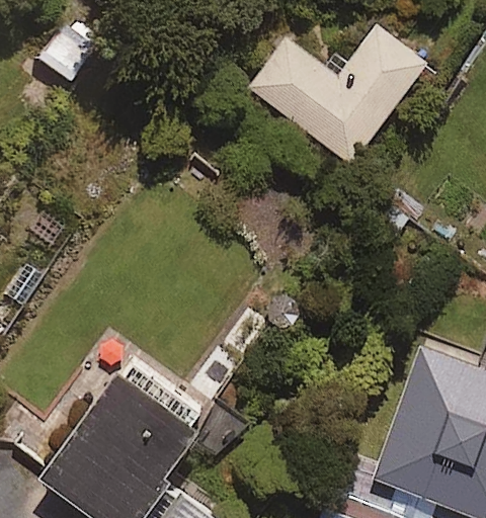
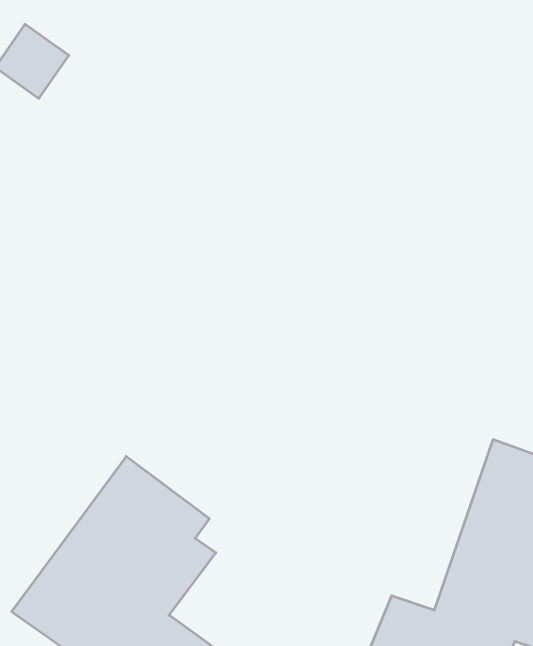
building: [248,25,426,163] -> none

